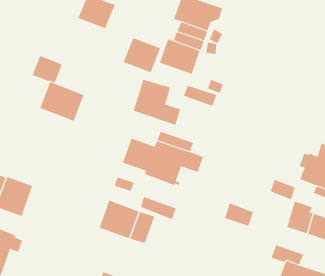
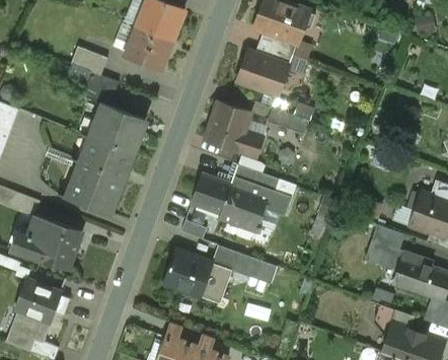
building: none -> [70,47,106,76]
building: [123,37,161,73] -> [124,26,170,70]
building: none -> [66,137,132,214]
building: [224,202,254,226] -> [366,239,402,269]

